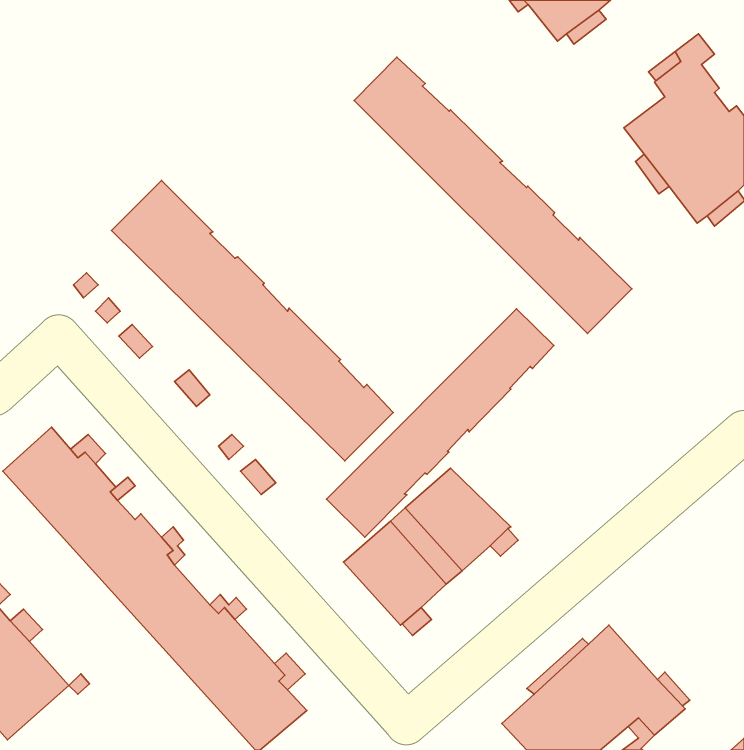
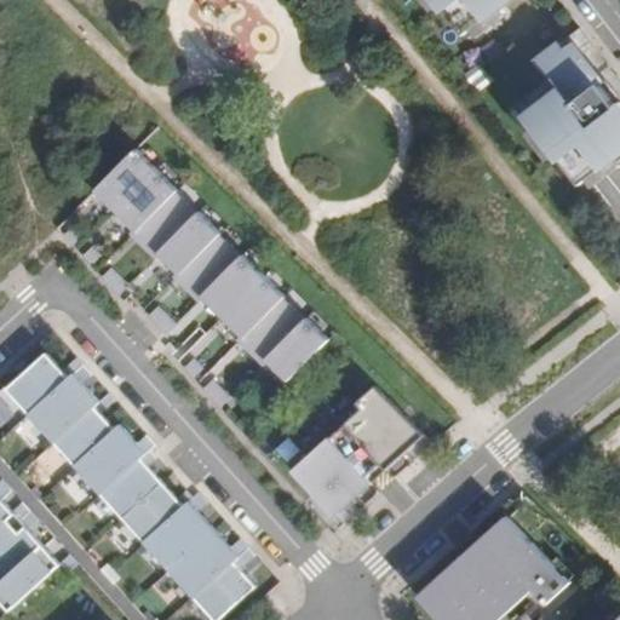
building: [354,57,632,334] -> none
building: [326,309,554,537] -> none

